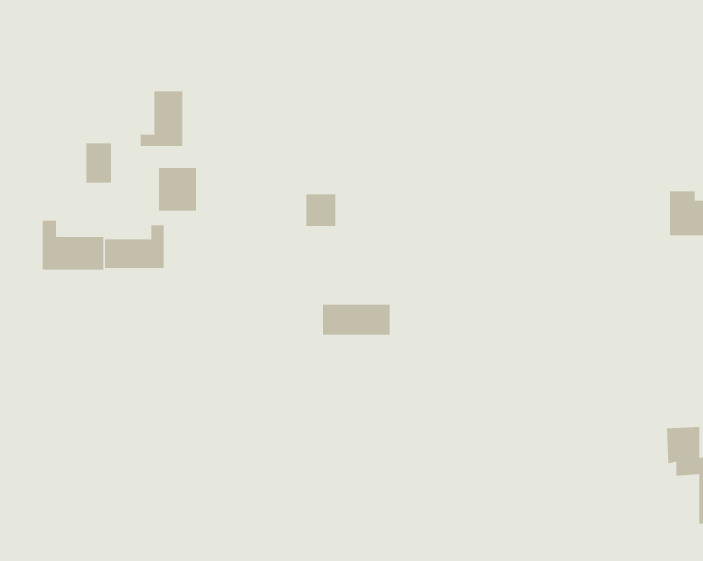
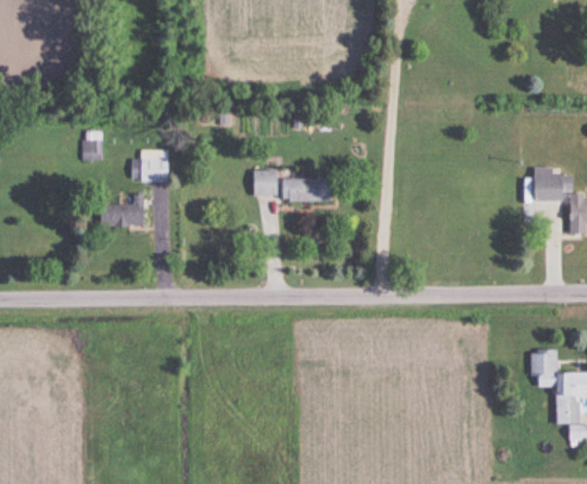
building: [140,90,183,147] -> none
building: [42,220,104,270] -> none
building: [322,304,390,335] -> [280,176,332,200]

